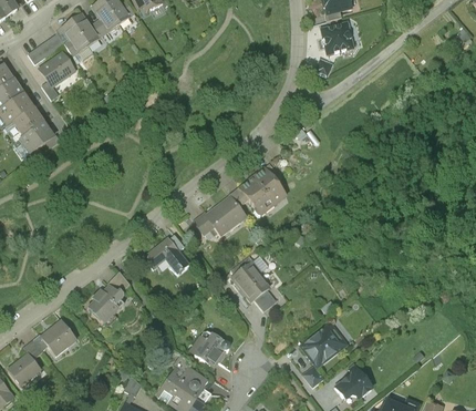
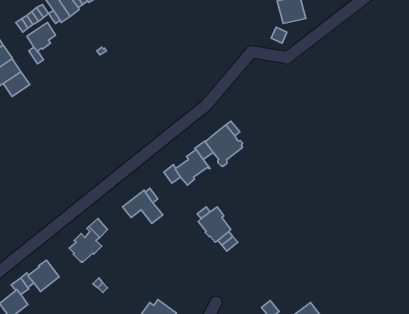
building: [19,123,52,153] -> none
building: [301,326,342,366] -> none
building: [195,329,229,364] -> none

